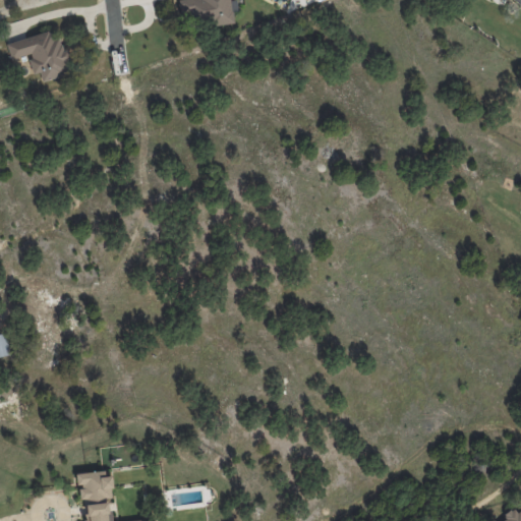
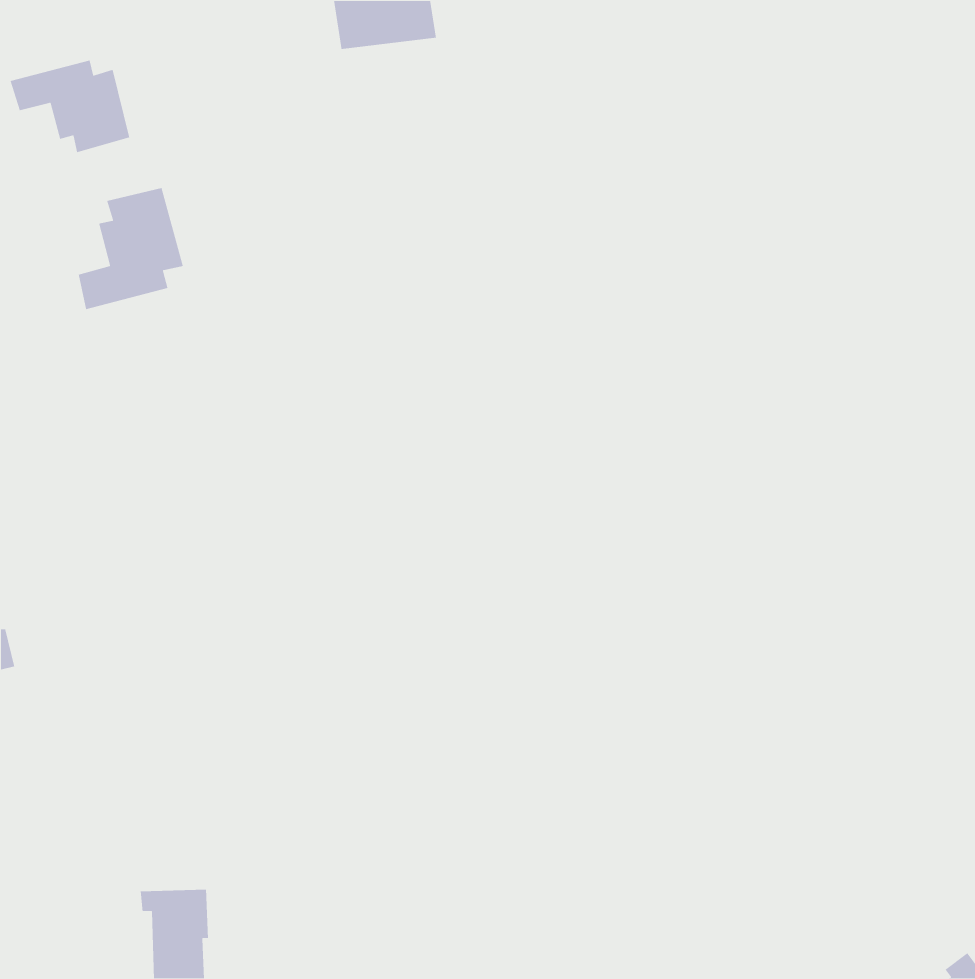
building: none -> [78,187,184,310]

